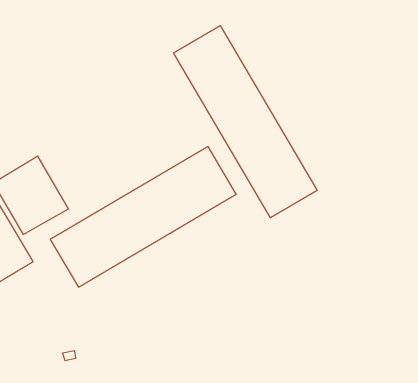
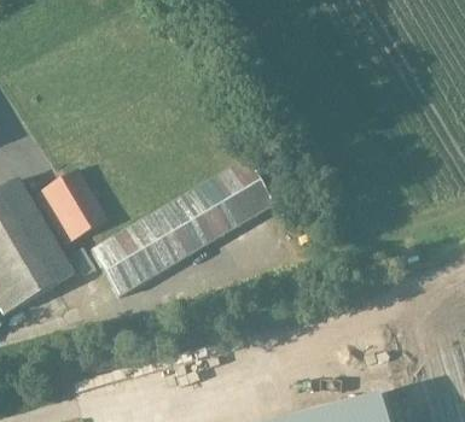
building: [173,26,317,218] -> none

